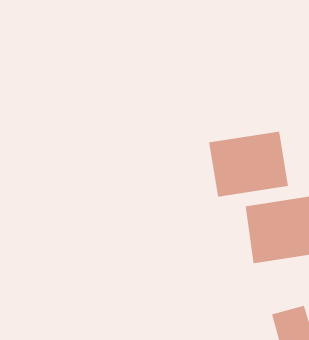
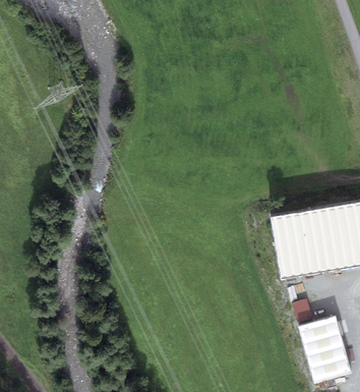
building: [209,131,289,198] -> none

